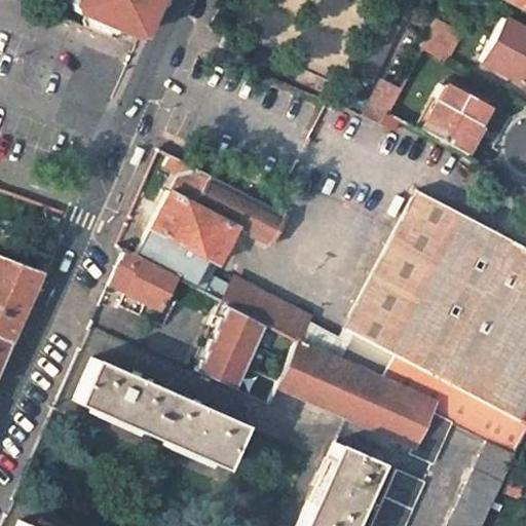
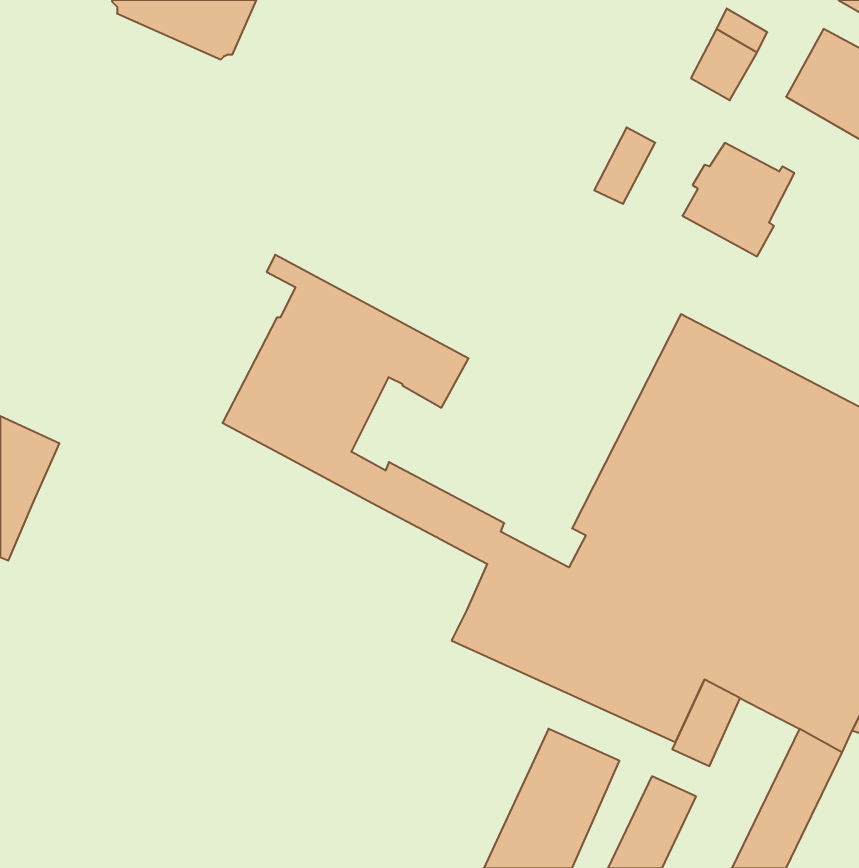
building: [109,249,175,308] -> none
building: [195,304,269,393] -> none
building: [74,358,242,467] -> none

